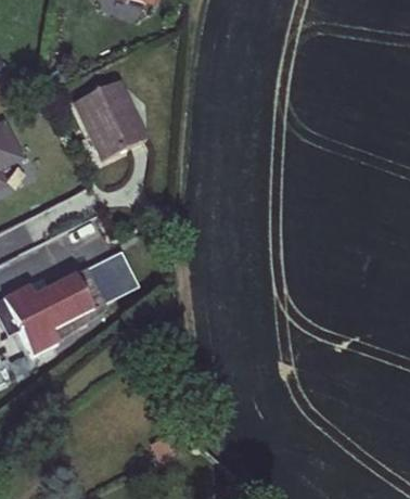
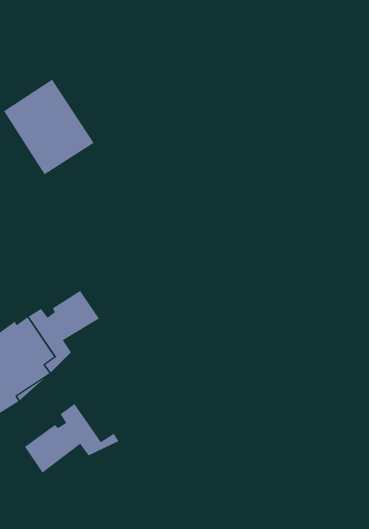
building: none -> [24,403,119,473]

